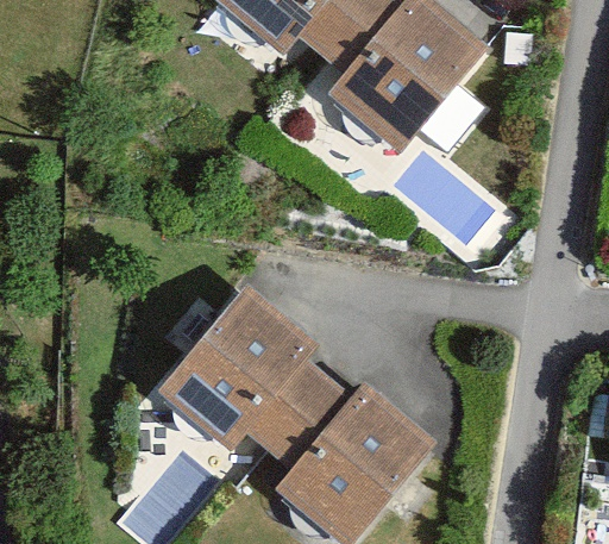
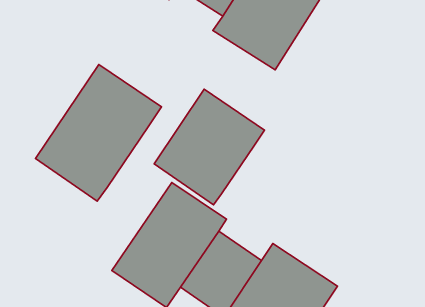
building: none -> [36,64,161,201]
building: none -> [154,89,265,205]

